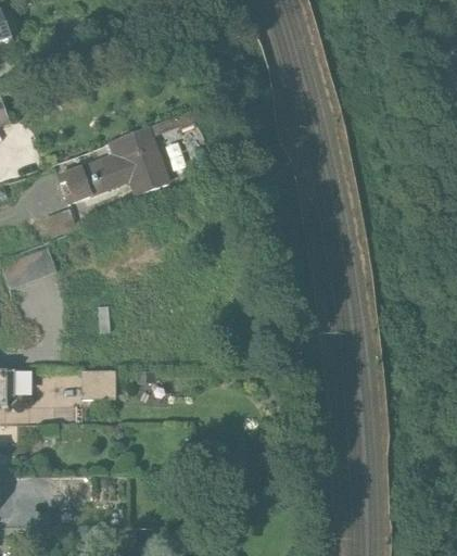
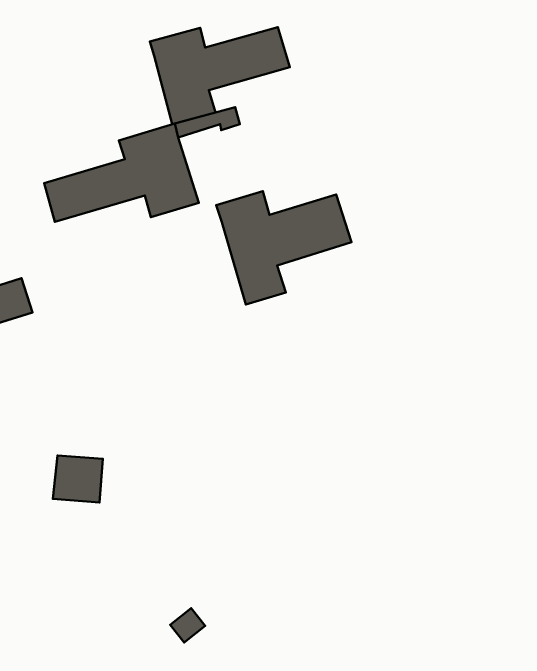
building: none -> [150,27,290,124]
building: none -> [216,191,352,304]

